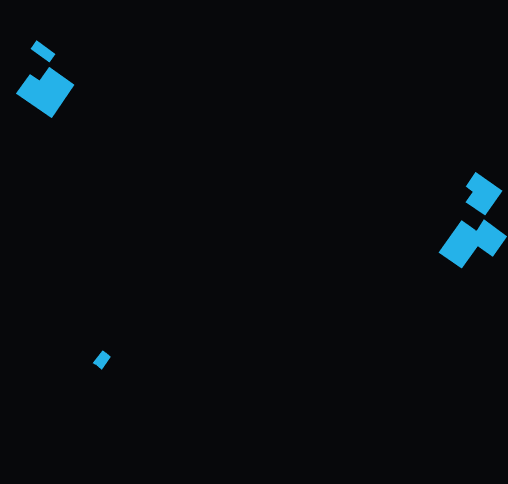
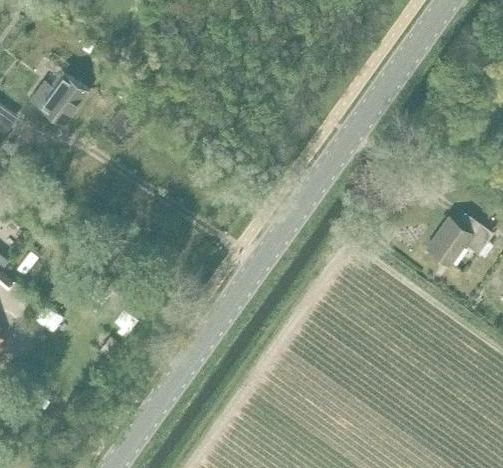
building: [464,171,504,217] -> none

